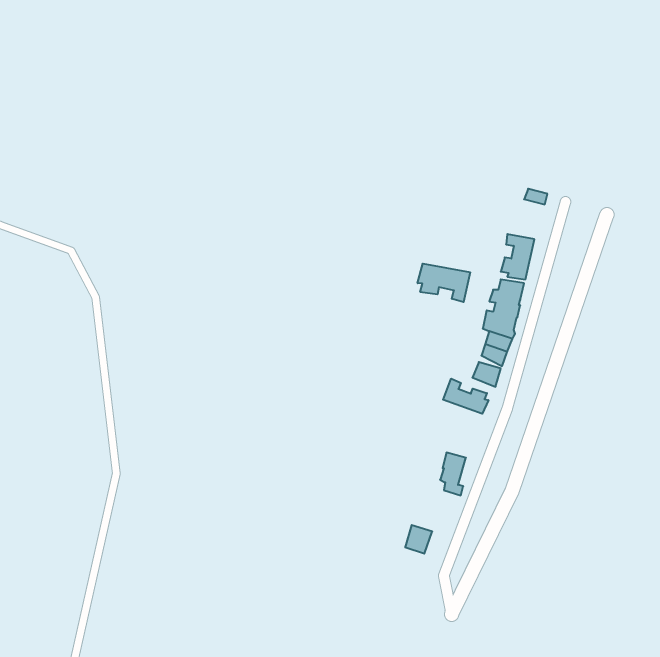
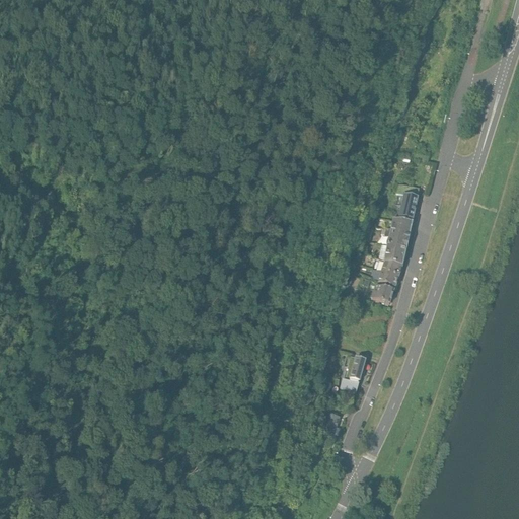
building: [418,264,470,302] -> none
building: [443,379,488,414] -> none

